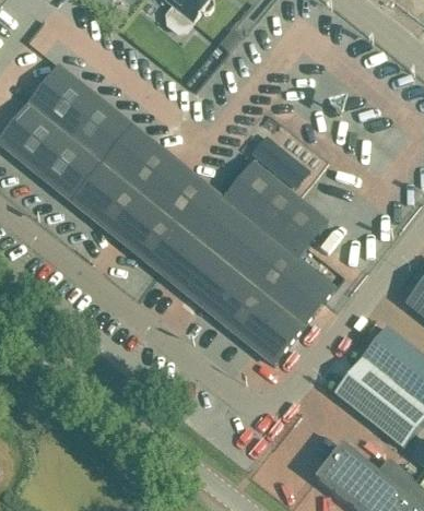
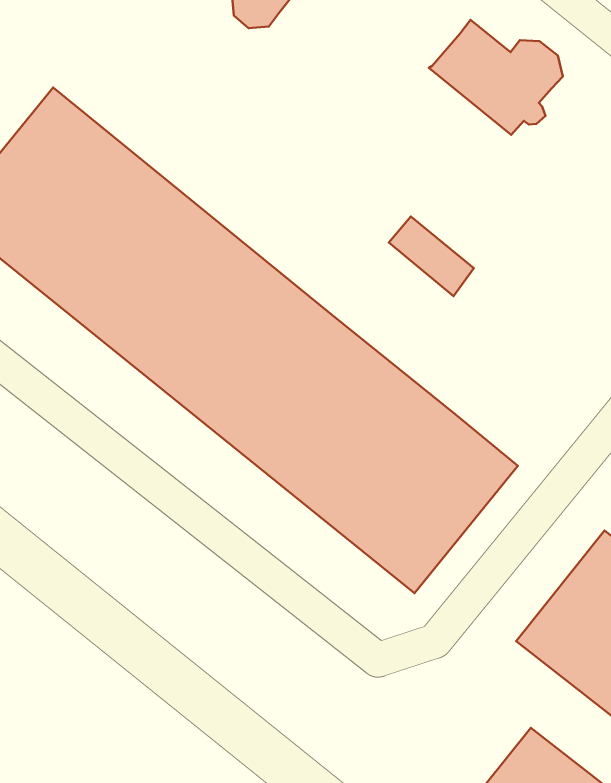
building: none -> [429,20,563,135]
building: [224,162,327,258] -> none

